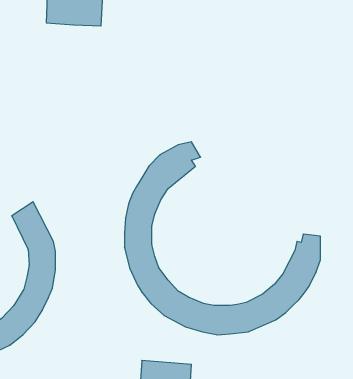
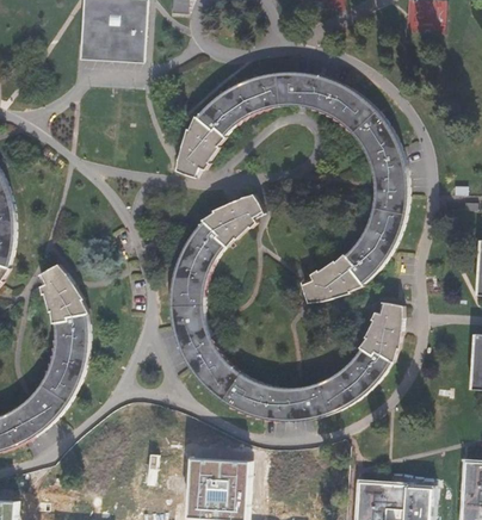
building: none -> [175,73,404,302]

